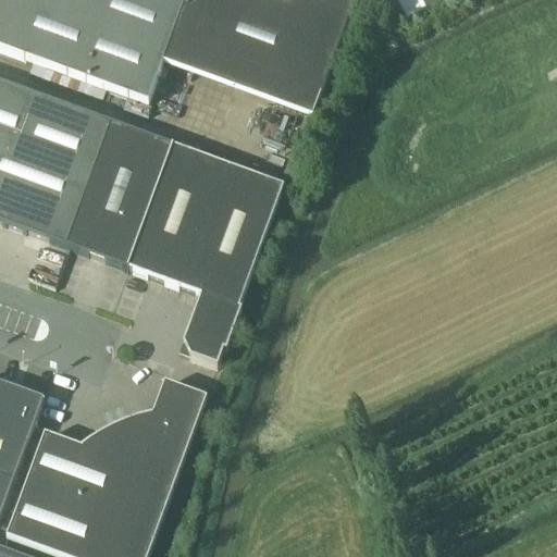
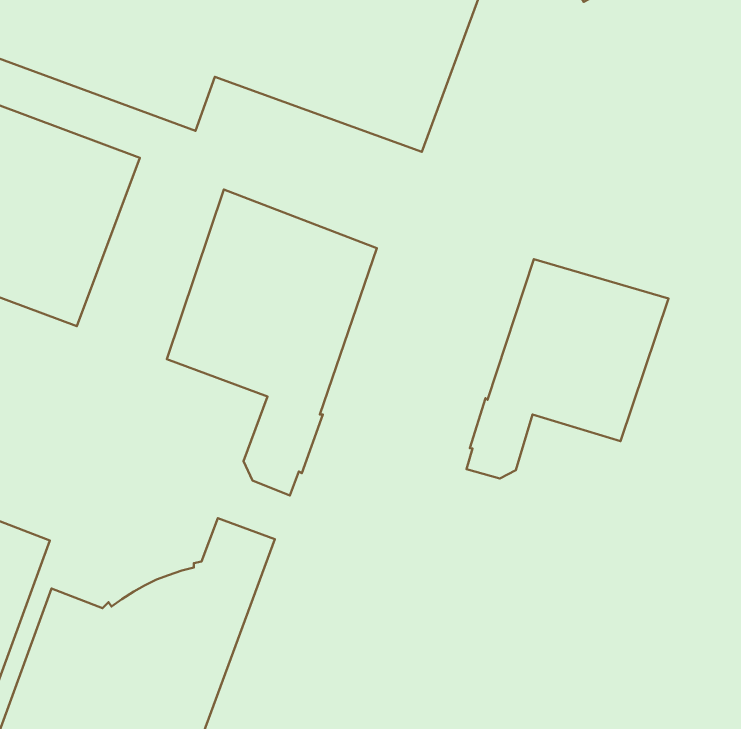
building: [62,116,169,262] -> none
building: none -> [466,259,668,479]

